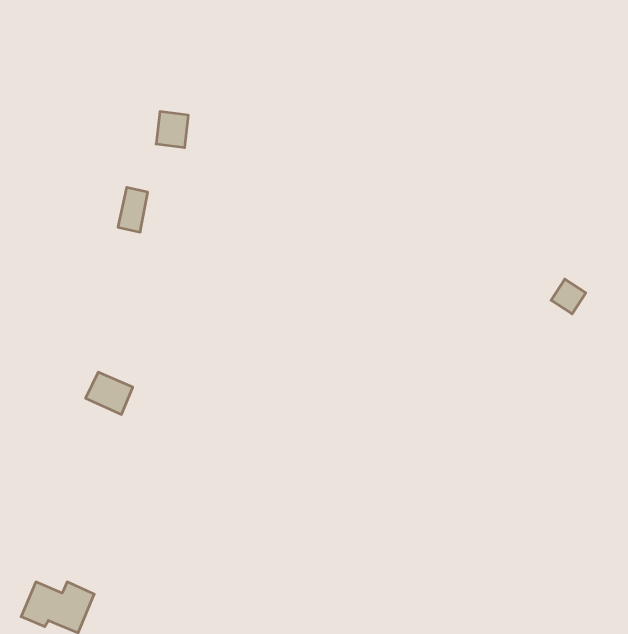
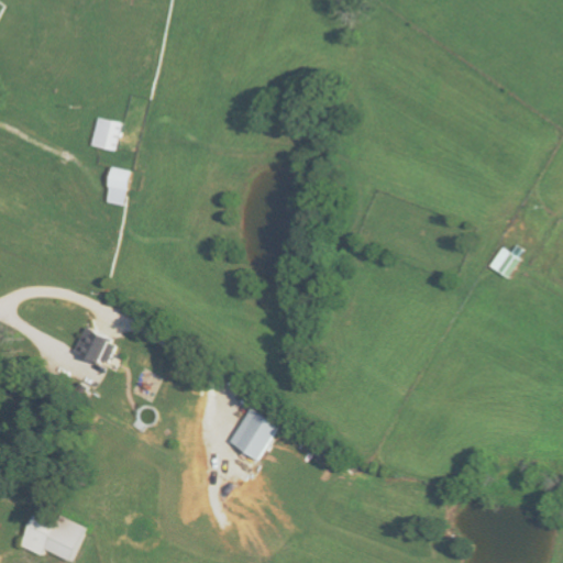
building: [156,112,188,148] -> [91,118,120,150]
building: none -> [228,408,278,461]

